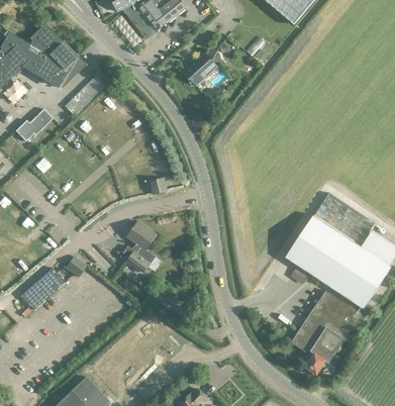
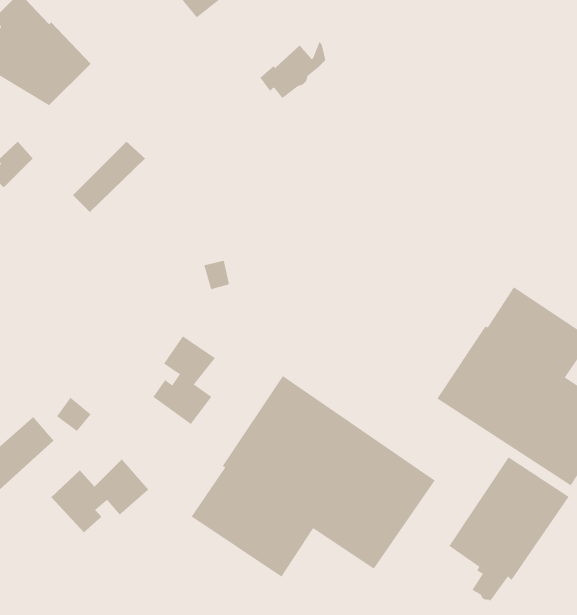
building: [65,75,107,116] -> [72,141,146,213]
building: none -> [191,375,436,577]
building: none -> [51,459,149,533]

